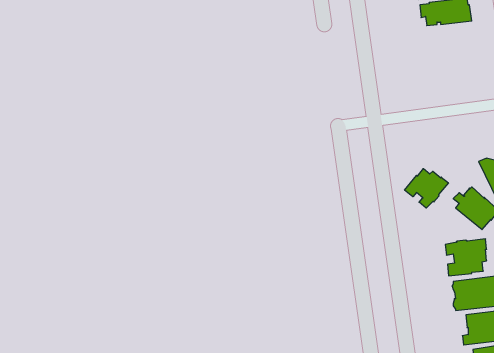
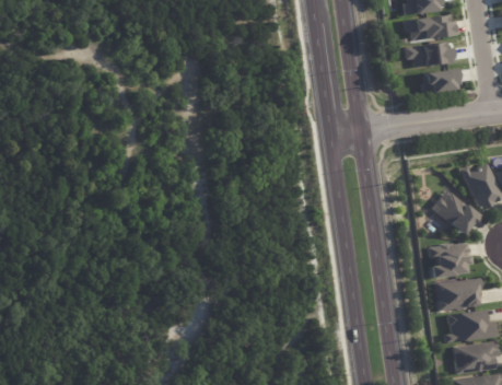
building: none -> [406,42,455,67]
building: none -> [425,68,460,93]
building: [405,169,448,208] -> none

